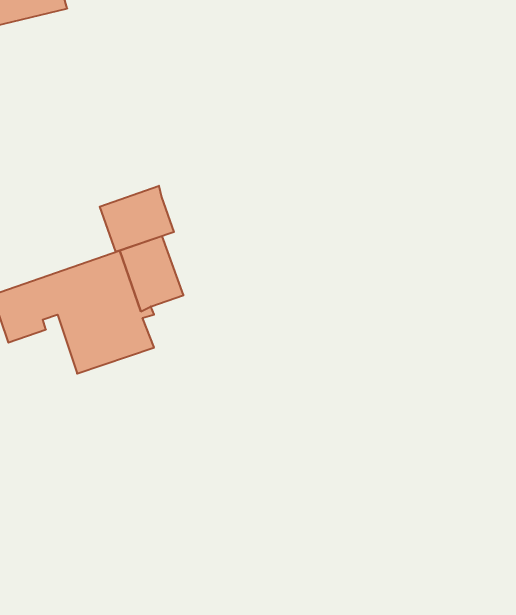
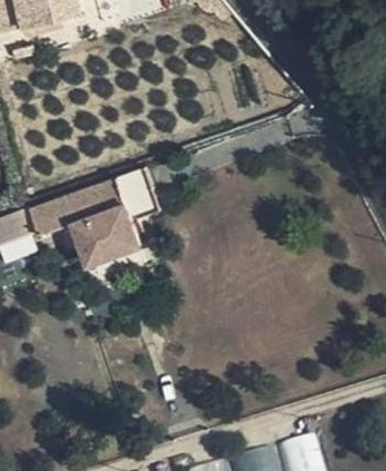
building: [100,186,174,252] -> none

